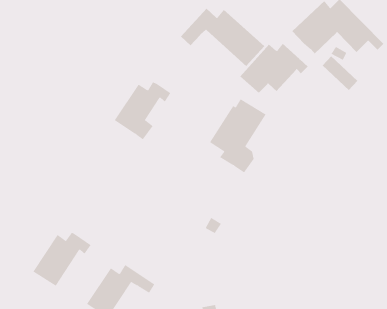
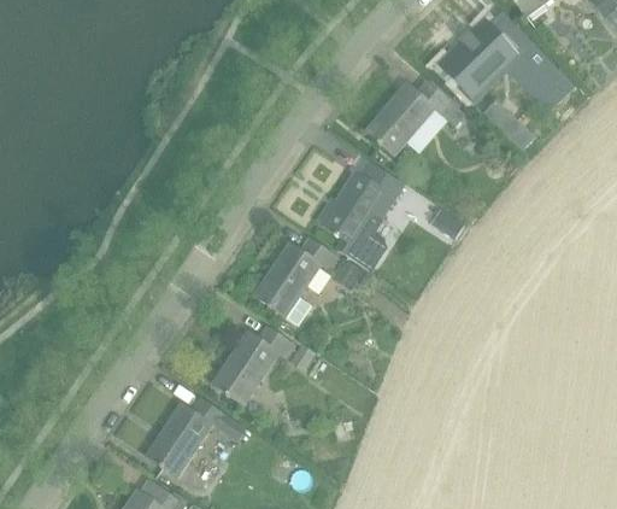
building: [180,8,265,67] -> none
building: [114,81,171,140] -> [253,239,335,323]
building: [33,232,92,286] -> [210,327,294,405]

